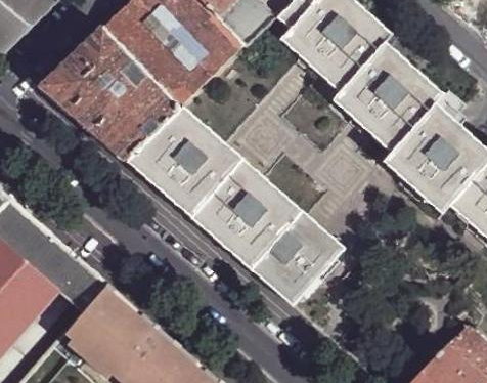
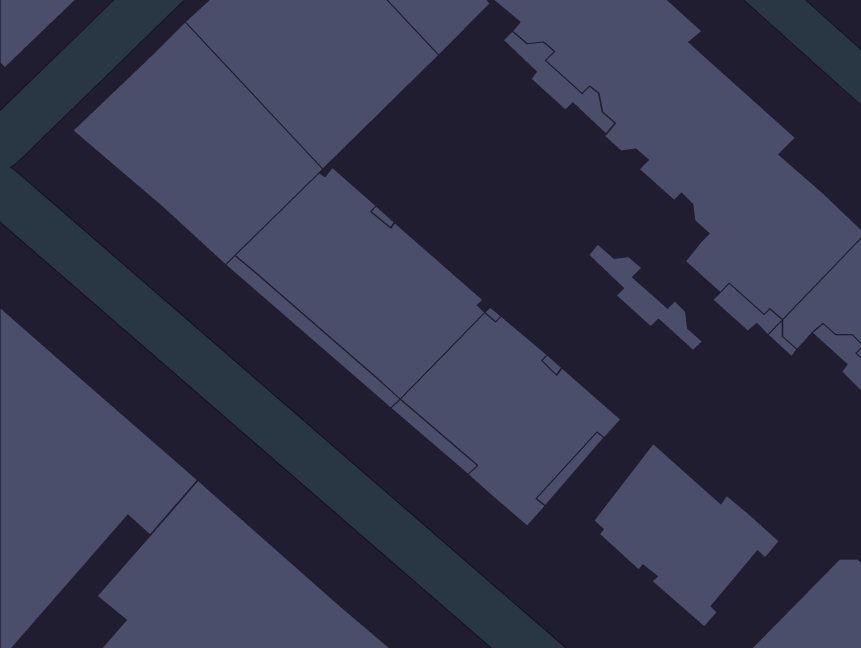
building: [331,91,395,151] -> [588,244,702,351]
building: none -> [594,444,779,627]

